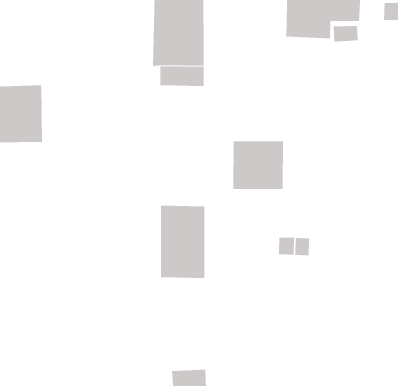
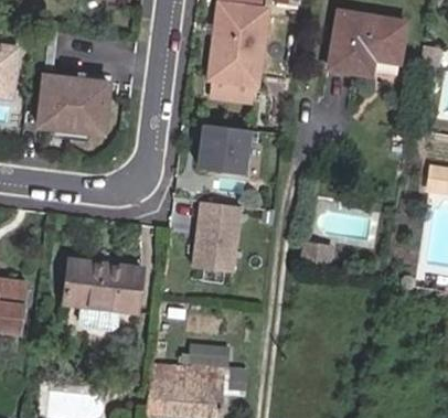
building: [232,141,284,190] -> [200,125,250,173]
building: none -> [65,258,140,311]

